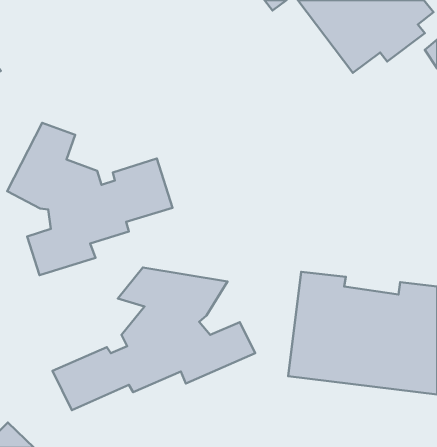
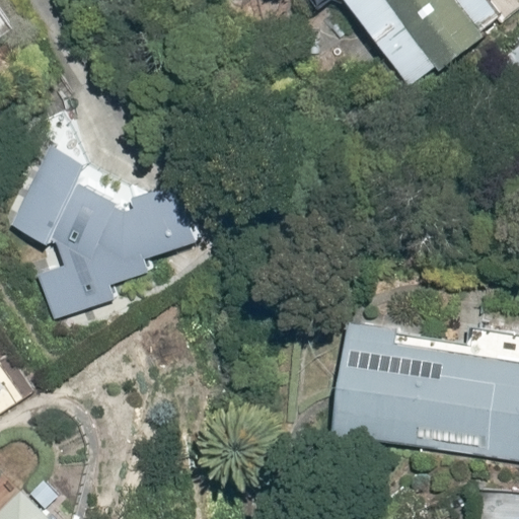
building: [52,268,255,410] -> none

